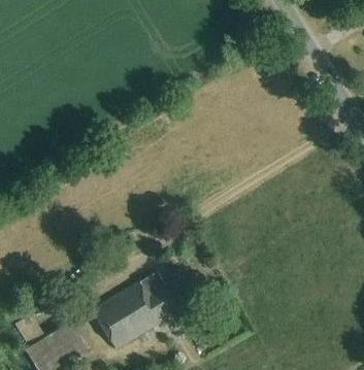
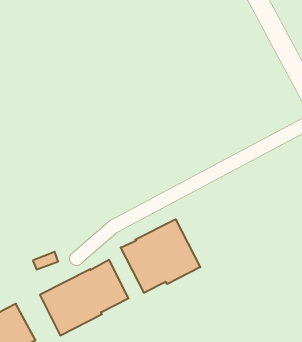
building: none -> [121,219,200,293]

